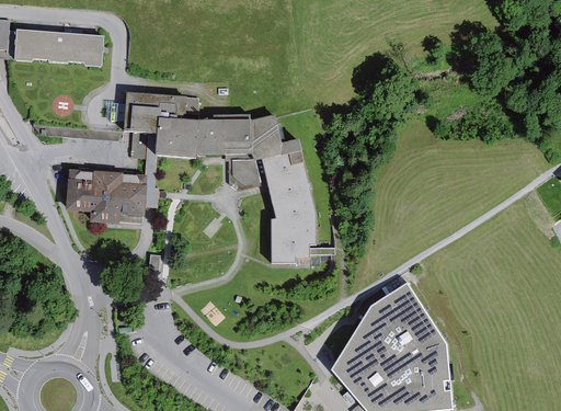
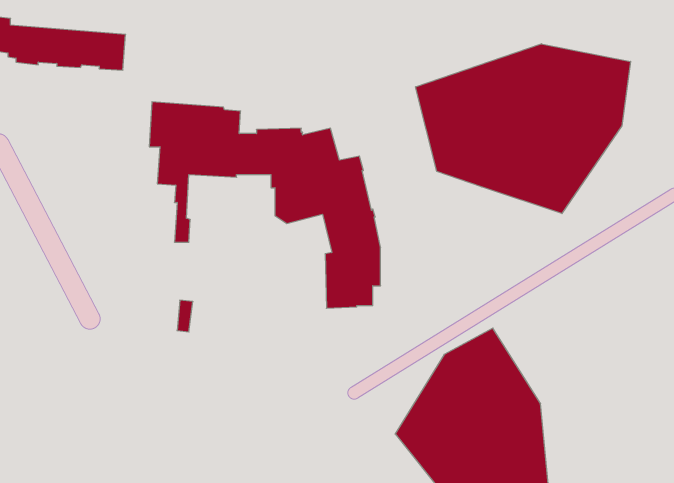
building: none -> [416,44,631,214]
building: [66,170,147,224] -> none

